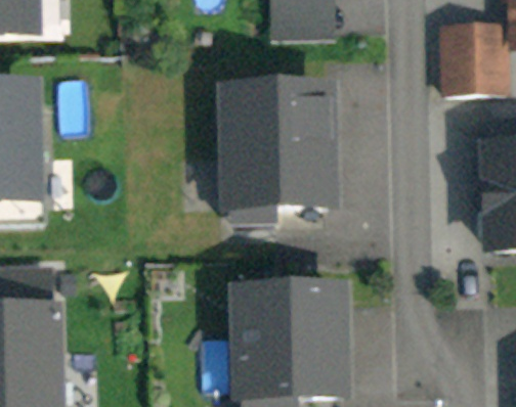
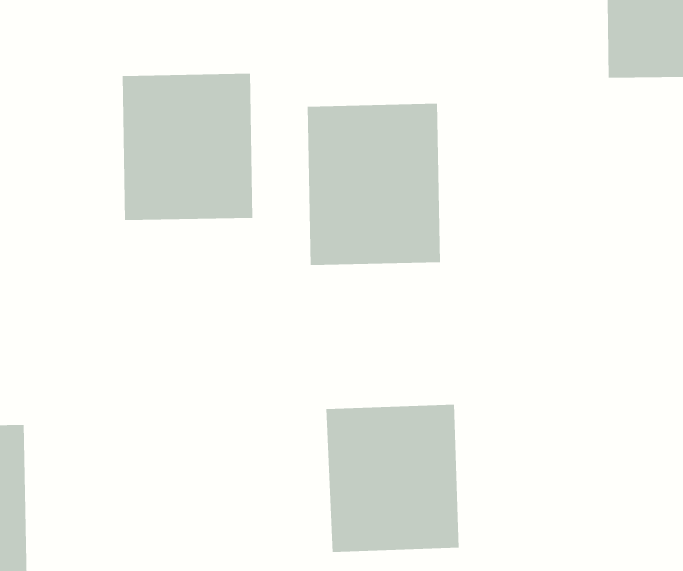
building: none -> [122,73,253,221]

